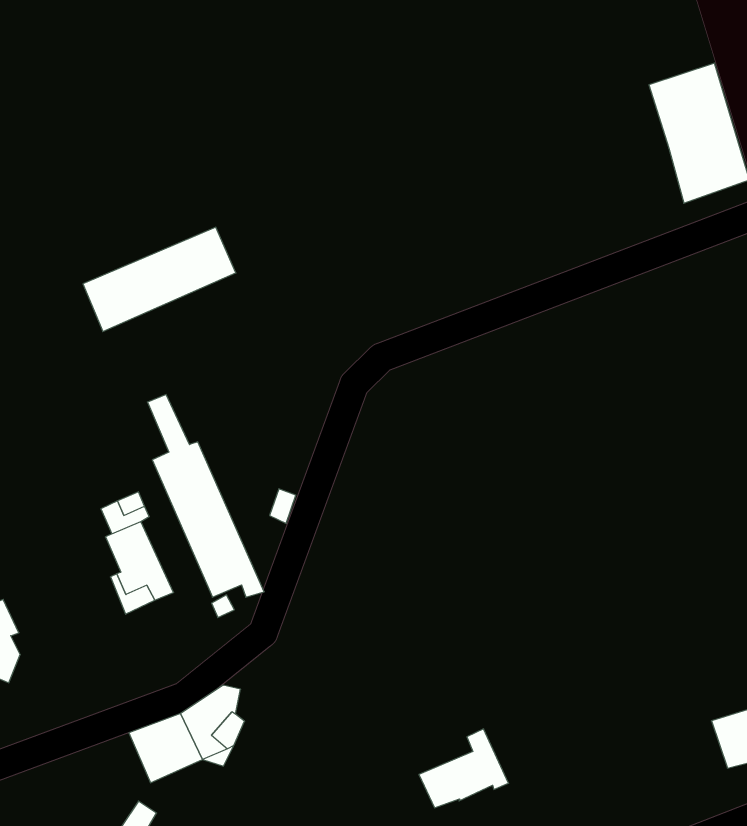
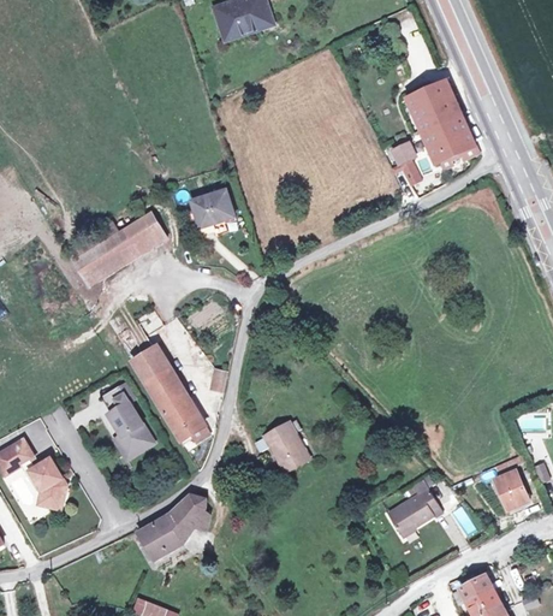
building: none -> [396,147,422,184]
building: none -> [196,195,237,227]
building: none -> [257,415,309,469]
building: [419,729,509,808] -> [388,481,444,533]

